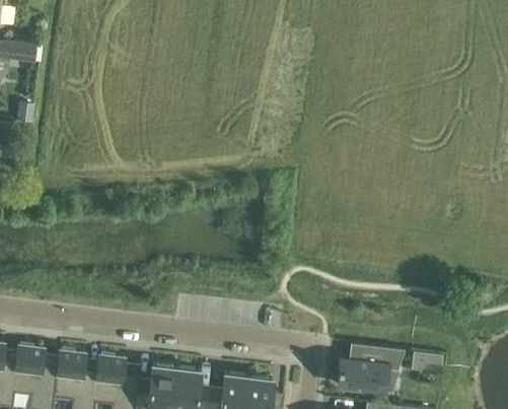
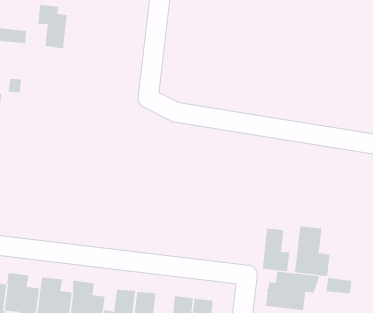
building: none -> [38,4,67,49]
building: none -> [294,226,330,277]
building: none -> [262,228,290,272]

